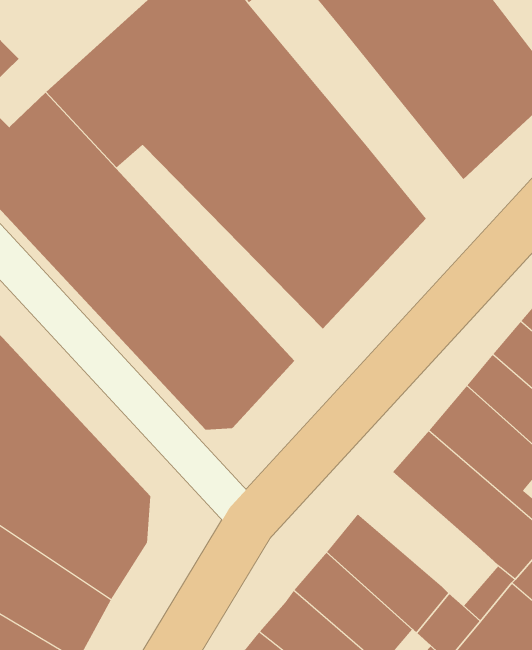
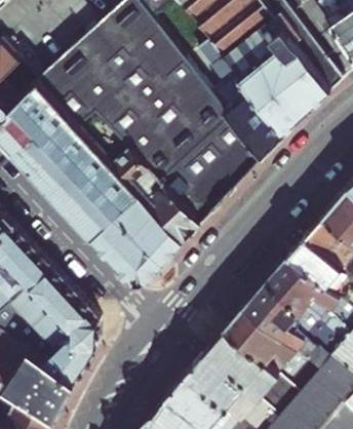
building: none -> [198,42,285,156]
building: none -> [80,113,202,240]
building: none -> [223,306,293,374]

